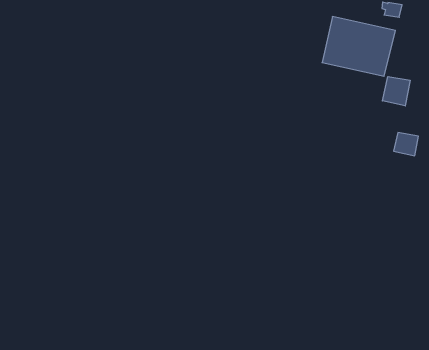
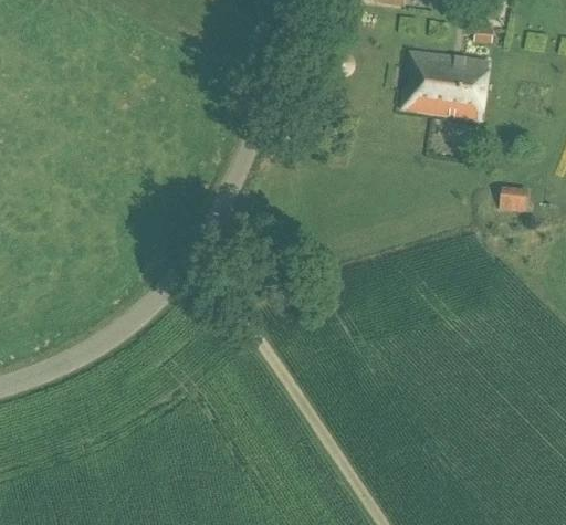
building: [382,77,410,106] -> none

